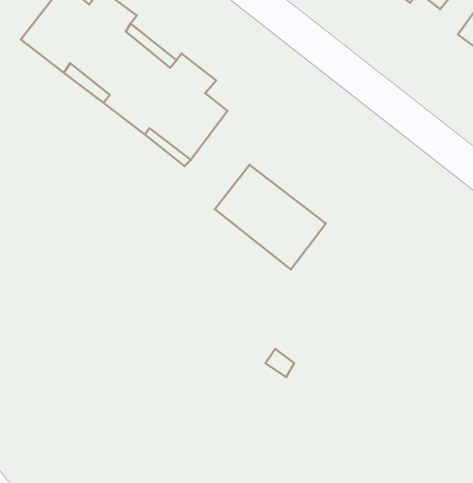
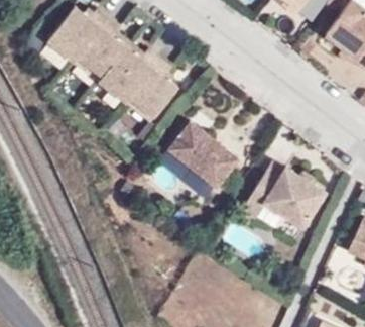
building: none -> [243,158,327,225]

